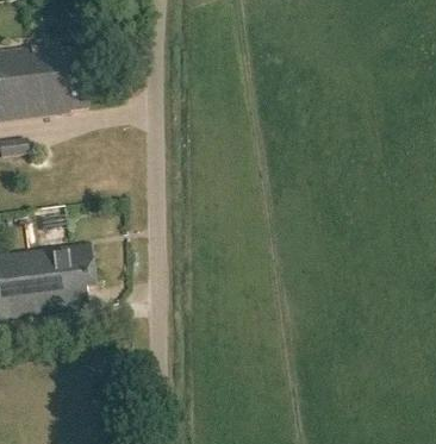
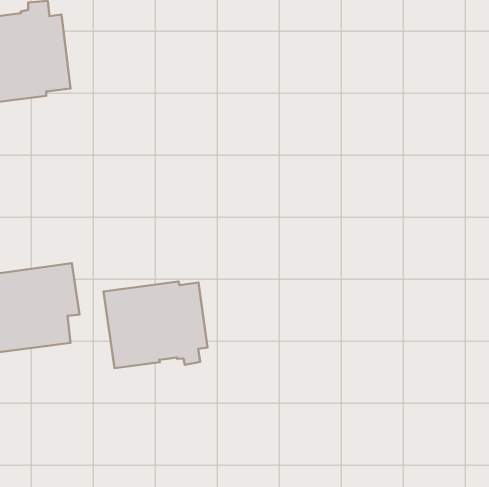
building: none -> [103,281,208,368]

